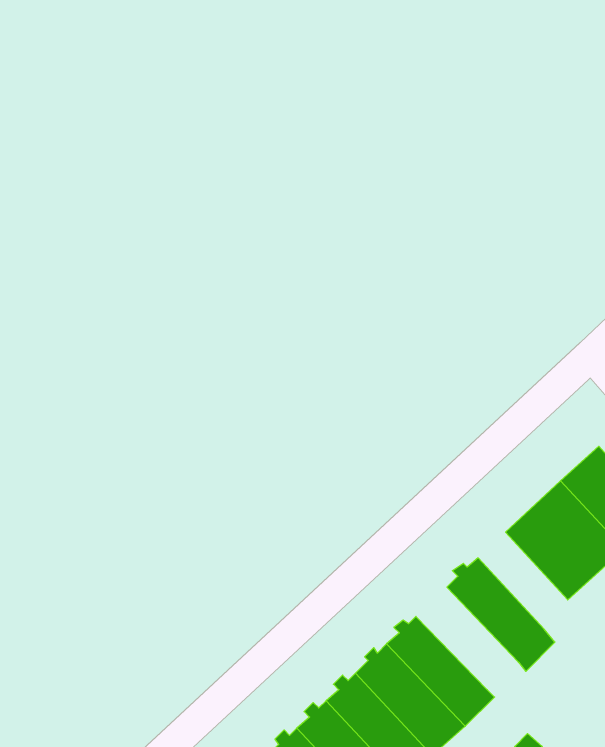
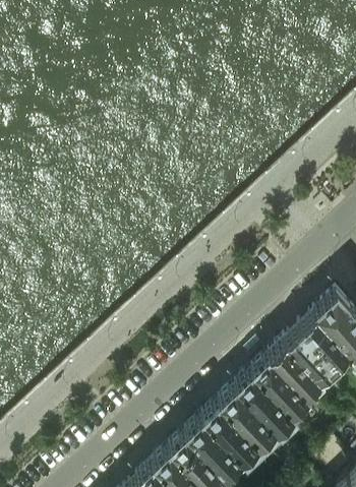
building: none -> [266,342,318,395]
building: none -> [232,372,296,437]

